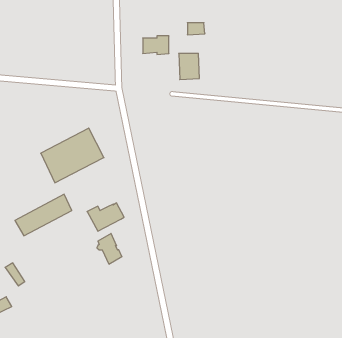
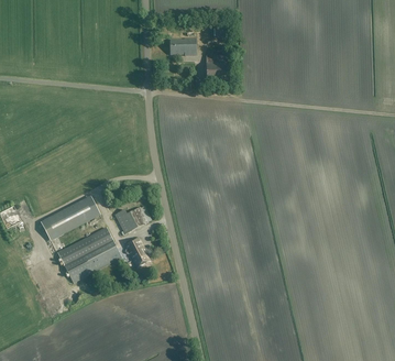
building: [41,128,104,183] -> [57,228,121,283]

